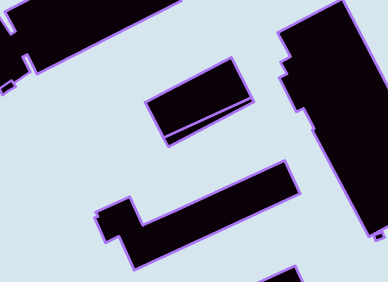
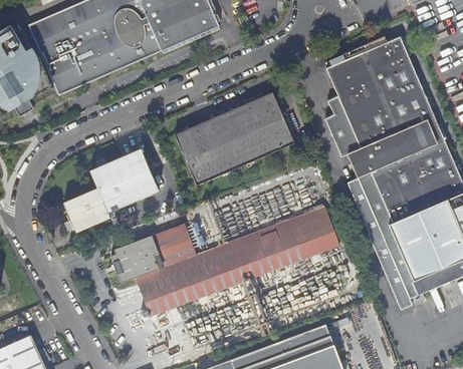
building: none -> [63,147,158,231]
building: none -> [151,224,196,268]

